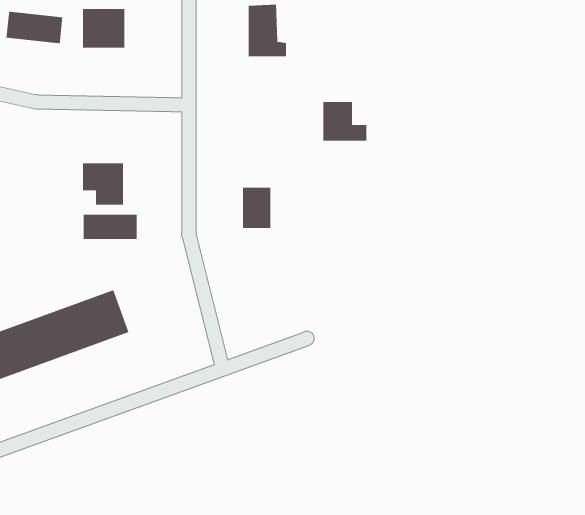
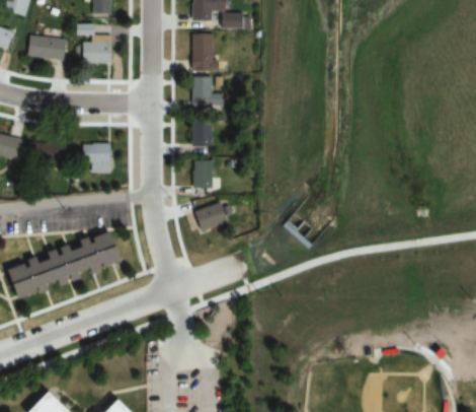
building: [323,101,367,142] -> [192,77,224,106]
building: none -> [191,122,214,152]
building: [83,214,138,240] -> [28,143,67,161]
building: none -> [193,205,225,230]

